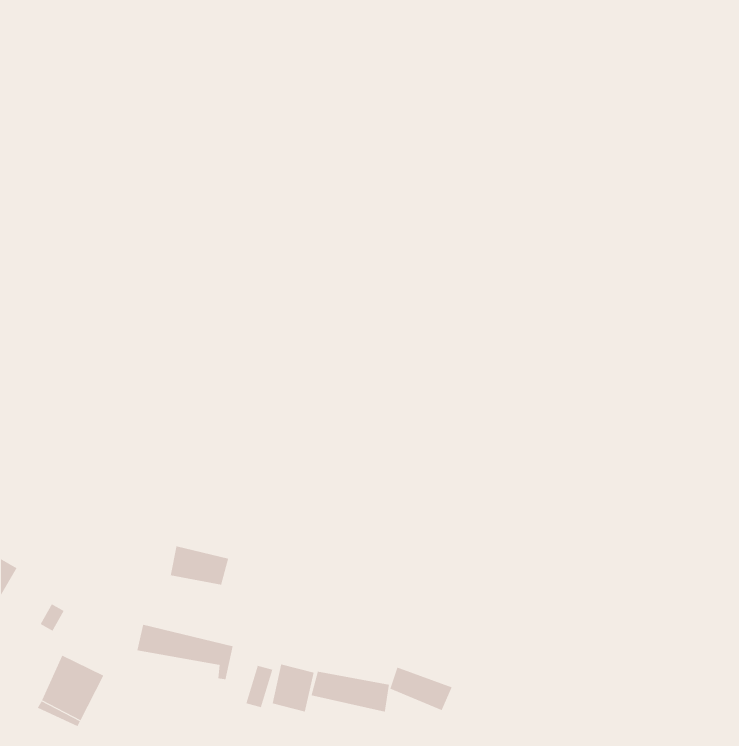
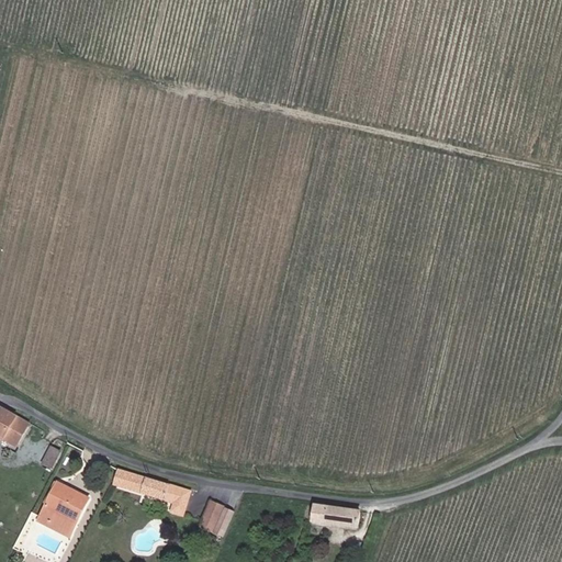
building: [170,545,229,585] -> none
building: [311,671,389,712] -> none

